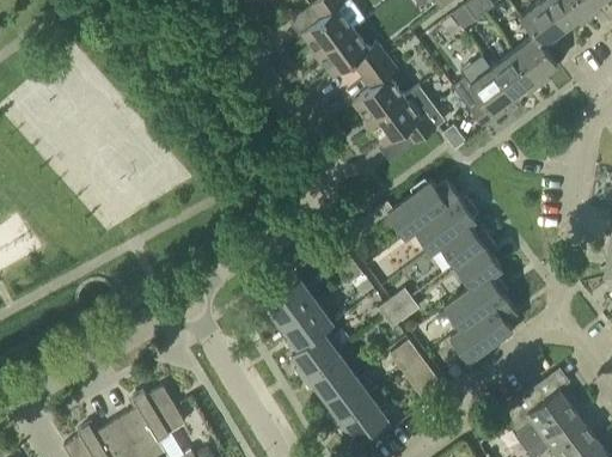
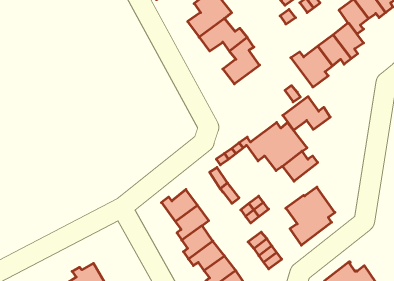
building: [369,97,439,146] -> [283,97,330,130]
building: [457,239,501,288] -> none

